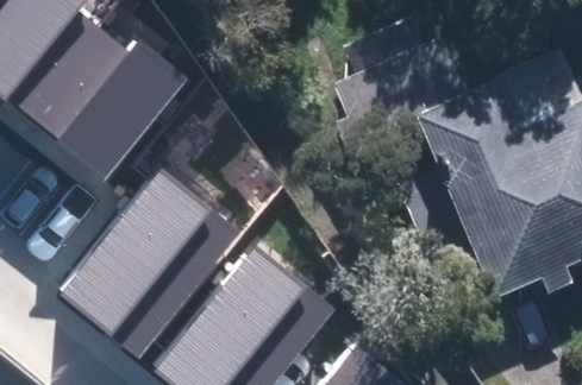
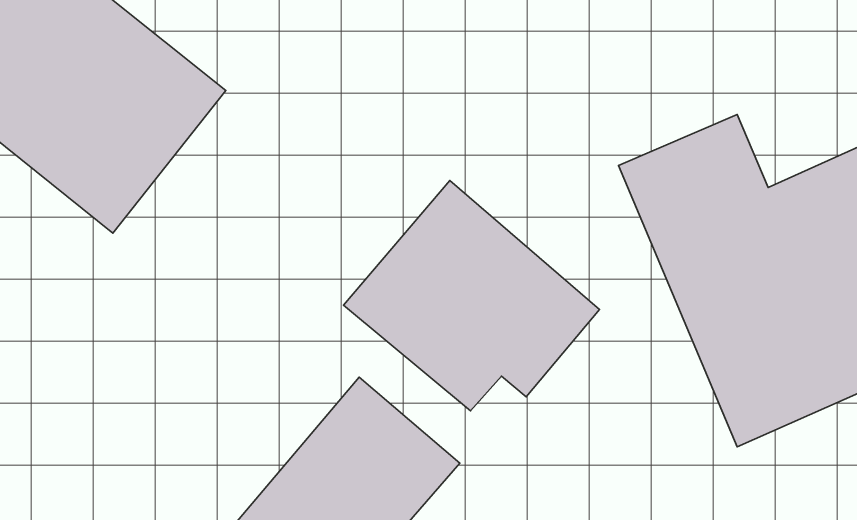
building: none -> [343,181,600,411]
building: [58,175,218,324] -> none

